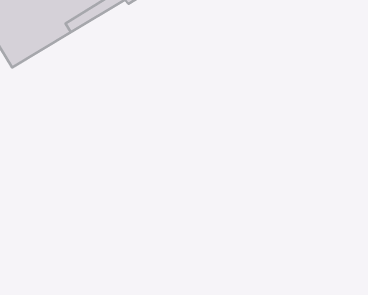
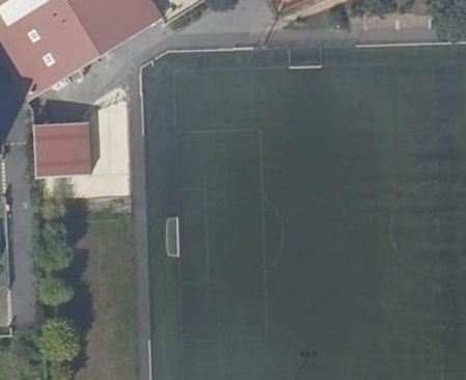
building: none -> [36,118,89,171]

